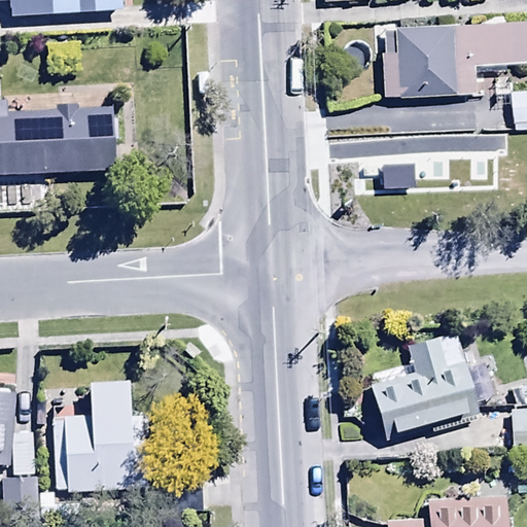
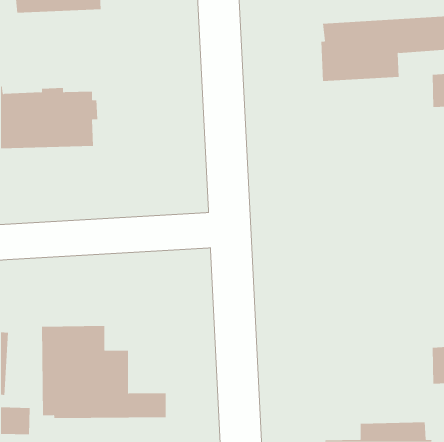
building: [370,331,481,440] -> none

